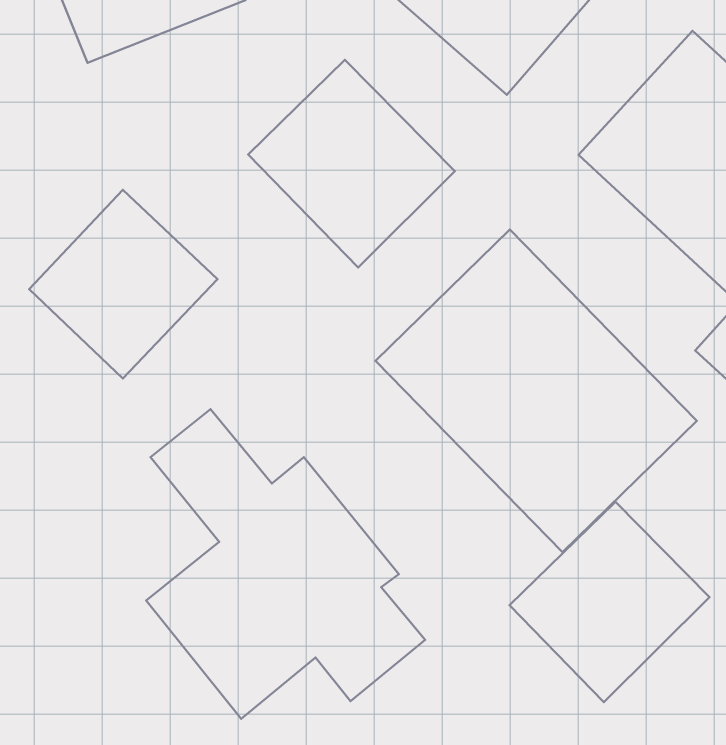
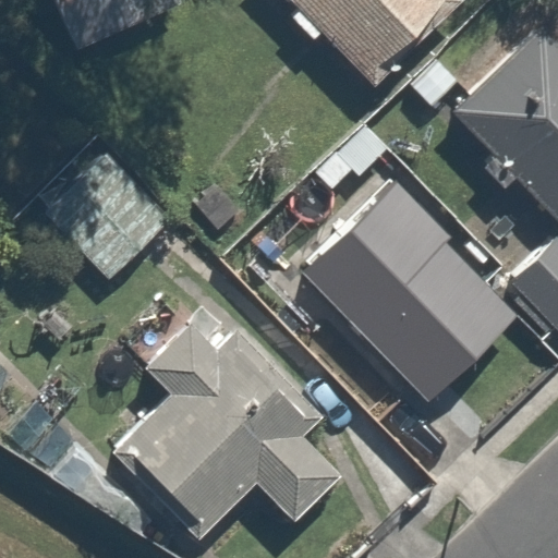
building: [248,60,455,267] -> none
building: [509,502,710,702] -> none

